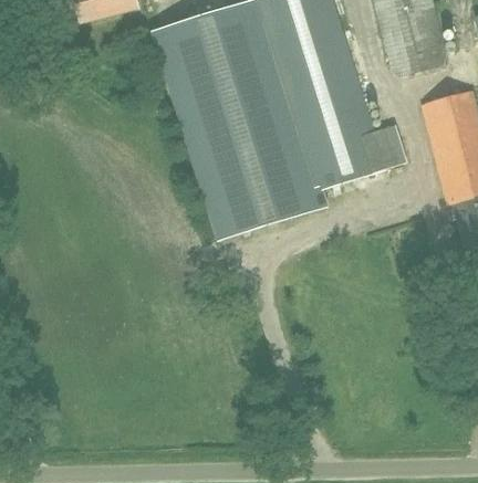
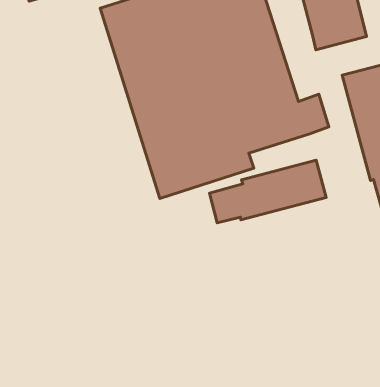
building: none -> [210,160,326,223]

